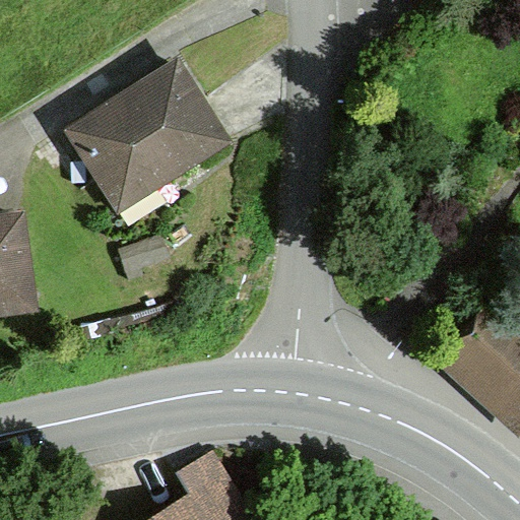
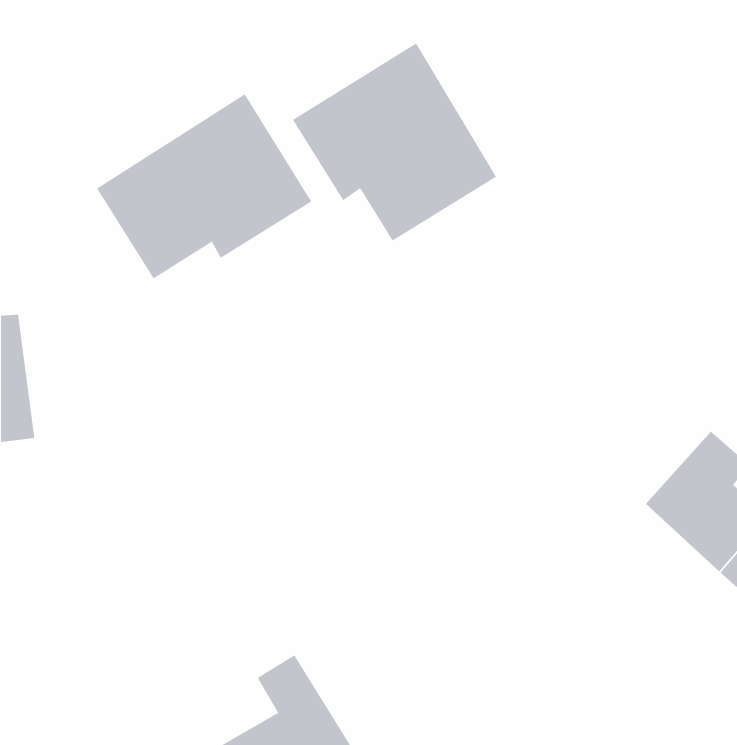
building: none -> [292,42,497,241]

